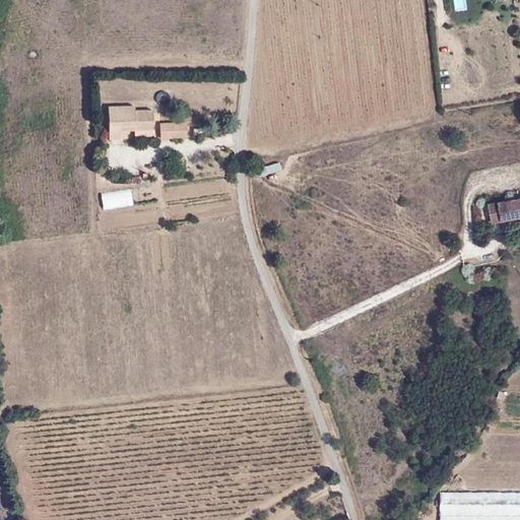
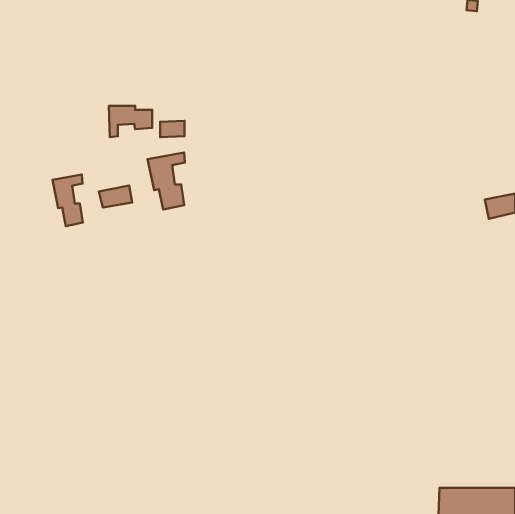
building: none -> [148,153,185,210]
building: none -> [52,175,83,226]

